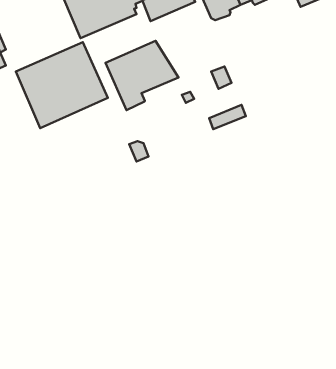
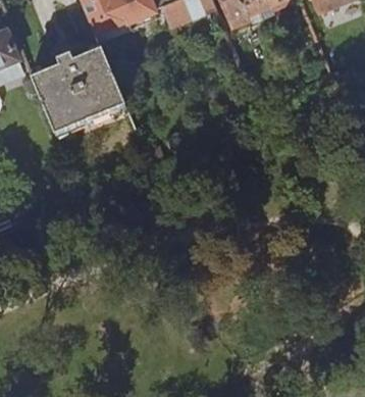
building: [105,41,178,110] -> none

